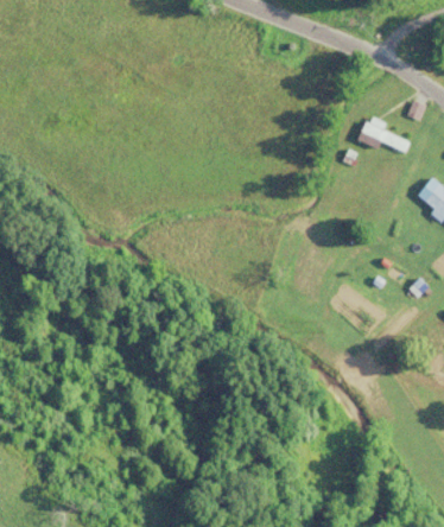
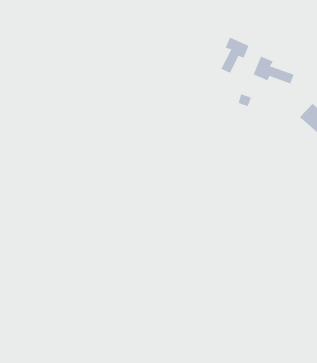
building: none -> [220,37,249,73]

